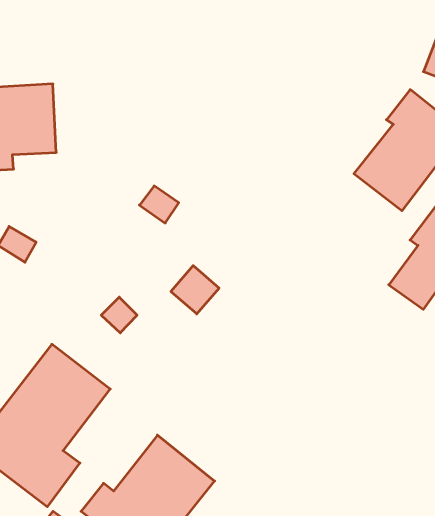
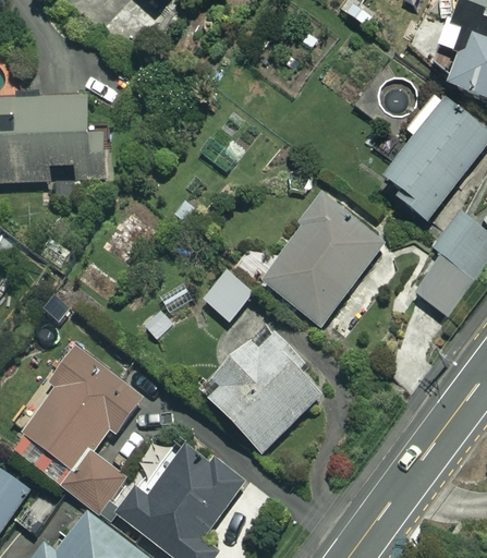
building: none -> [263,195,386,325]
building: none -> [200,323,321,450]

